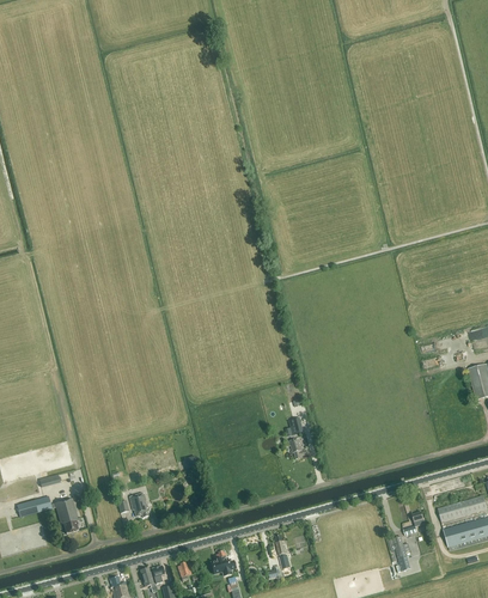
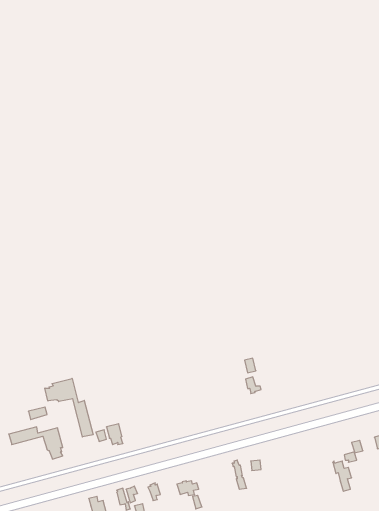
building: none -> [45,378,93,437]

